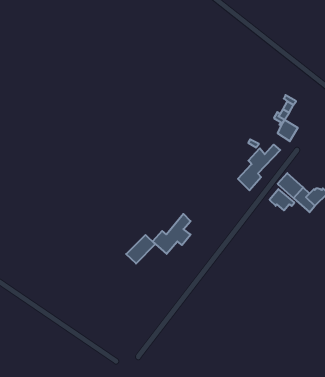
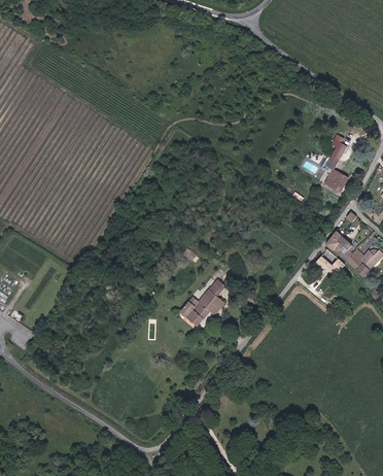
building: [238,145,280,190] -> none
building: [126,235,155,264] -> none

